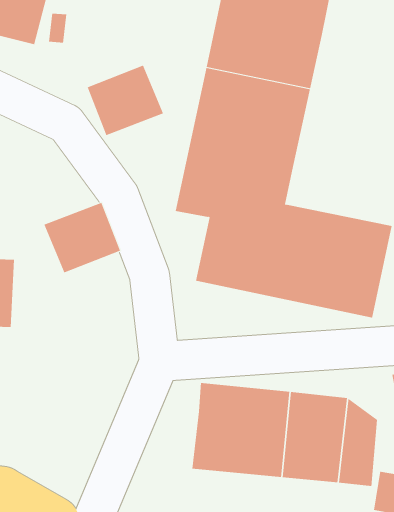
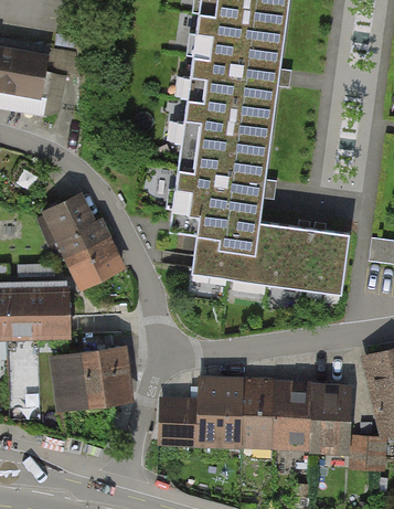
building: [87,65,164,136] -> [40,189,106,251]
building: none -> [36,282,70,339]
building: none -> [46,343,134,413]
building: none -> [157,397,199,447]

